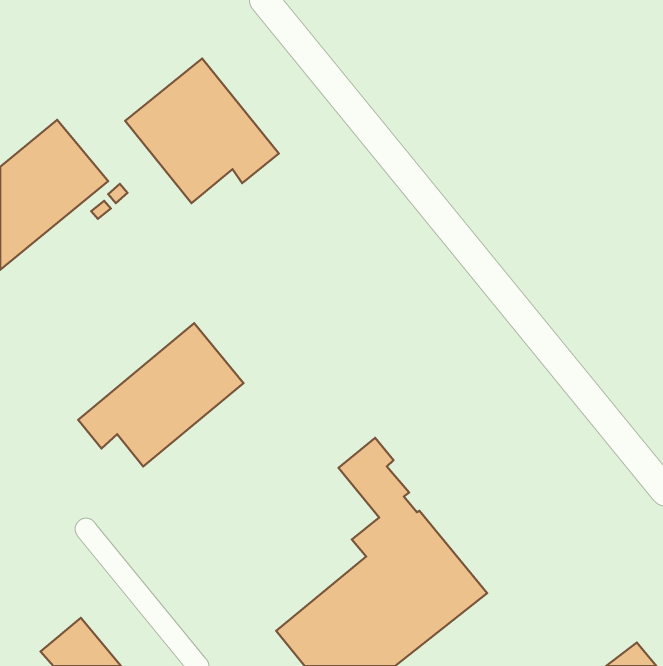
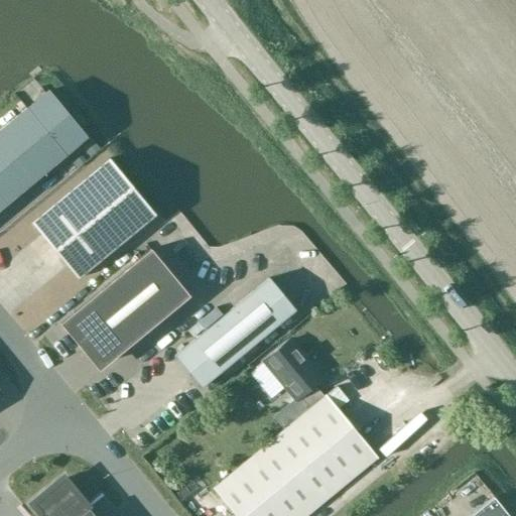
building: [125,58,279,203] -> none
building: none -> [32,159,157,279]
building: none -> [176,279,295,387]

